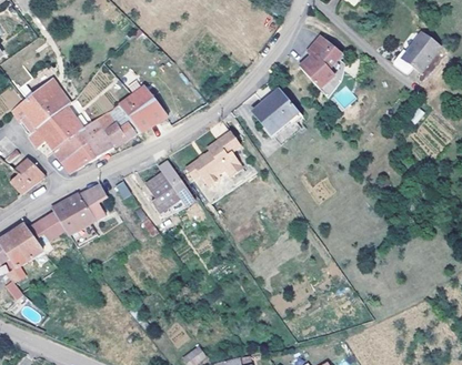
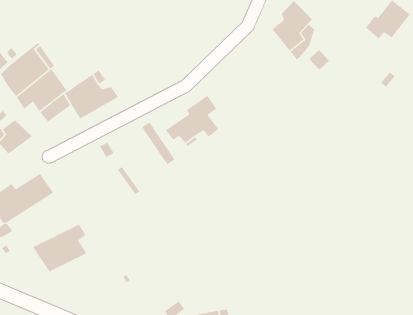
building: [118,84,169,132] -> none
building: [253,89,303,144] -> none
building: [62,143,96,172] -> none
building: [144,171,181,210] -> none
building: [51,183,109,234] -> [32,224,88,273]

